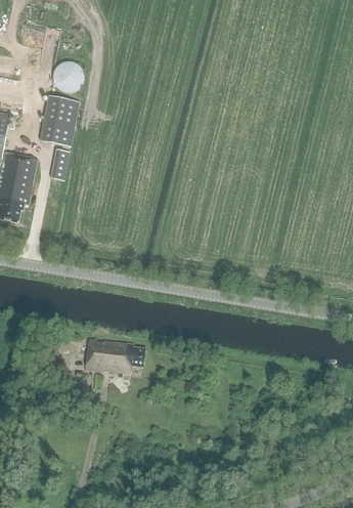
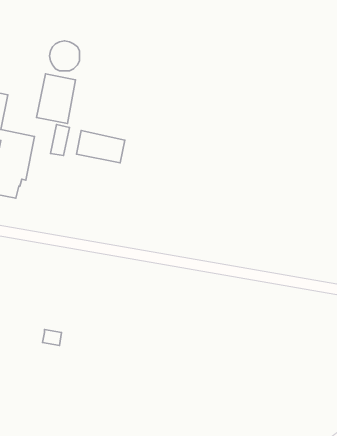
building: none -> [76,131,125,163]
building: [85,338,145,376] -> none

